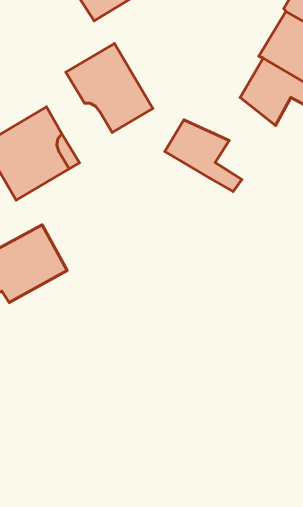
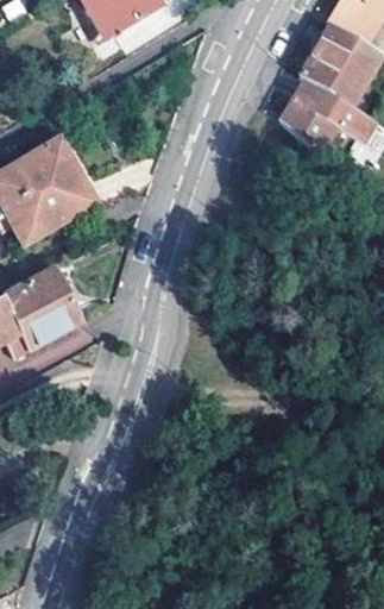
building: [66,43,153,133] -> none
building: [165,120,242,192] -> none

